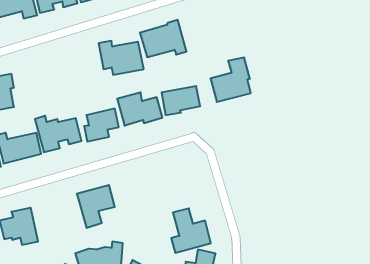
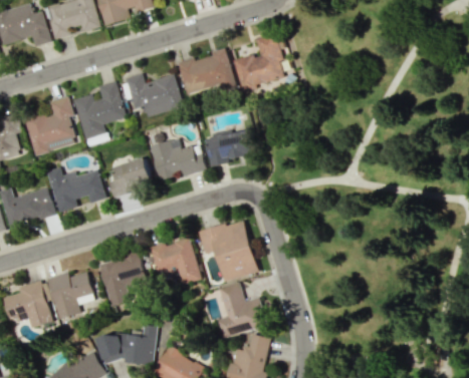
building: none -> [73,80,127,138]
building: [210,58,251,102] -> [233,33,283,88]
building: none -> [25,95,76,154]
building: none -> [198,219,258,280]
building: none -> [150,237,201,284]
building: none -> [48,272,94,319]

